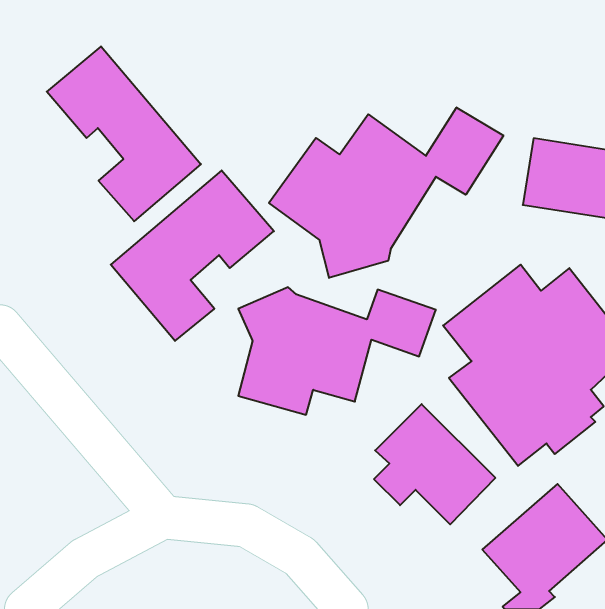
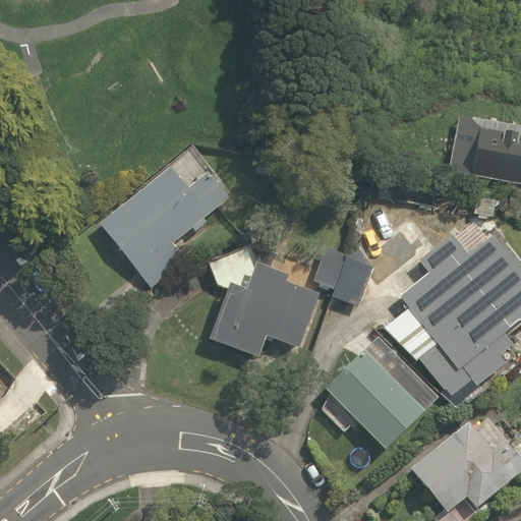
building: [47,46,201,221] -> none
building: [269,107,503,278] -> none

